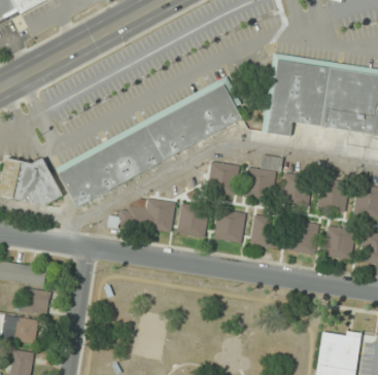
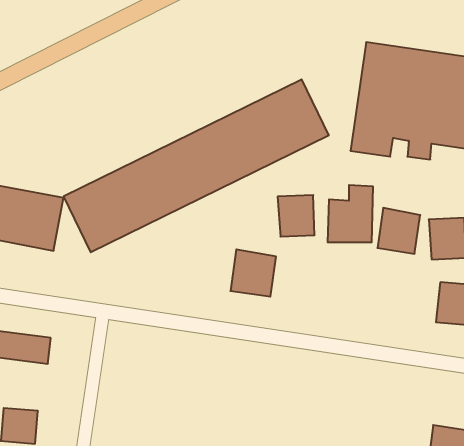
building: [110,202,171,228] -> none
building: [214,209,246,242] -> none
building: [250,217,282,248] -> none
building: [290,221,318,253] -> none
building: [14,287,50,313] -> none

